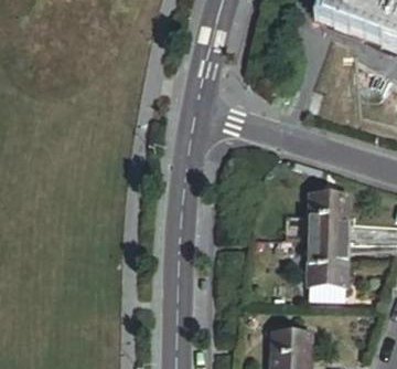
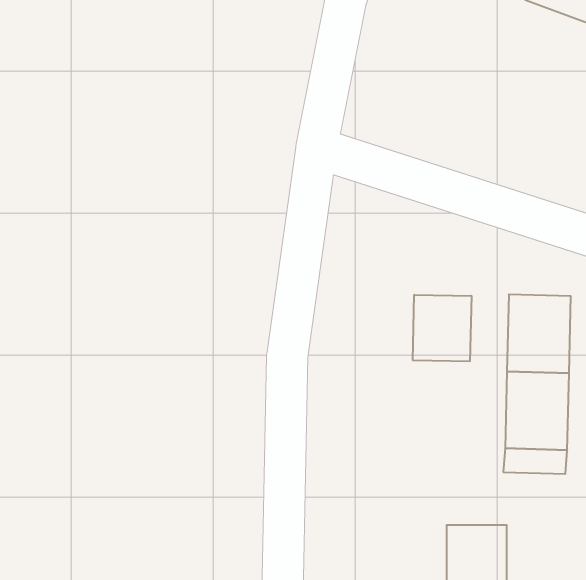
building: none -> [413,295,471,361]

